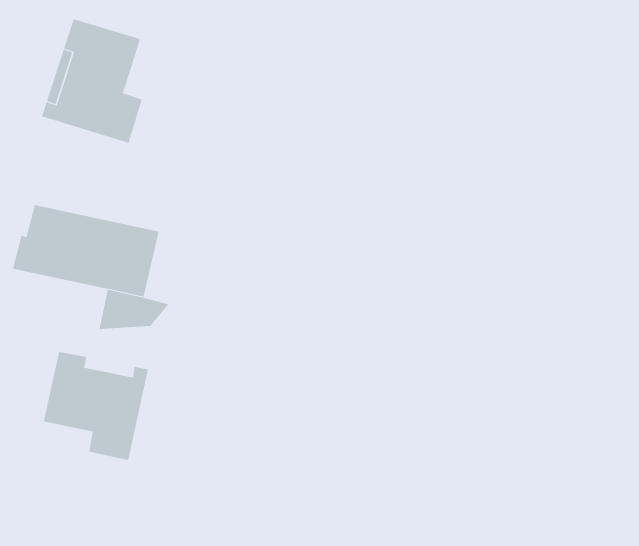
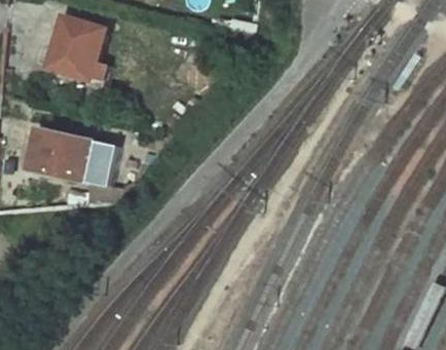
building: [43,351,149,461] -> none

